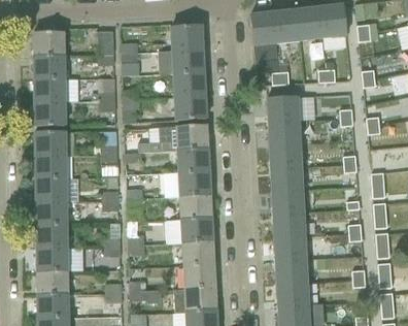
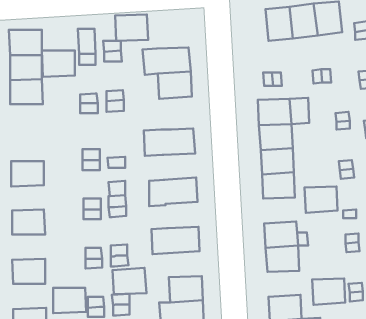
building: [250,12,277,45] -> none
building: [171,25,202,50] -> [115,15,148,41]
building: [174,95,206,121] -> none
building: [34,102,65,127] -> [42,50,75,77]
building: [35,132,66,156] -> none
building: [177,149,209,173] -> none
building: [35,178,66,202] -> none
building: [272,190,303,215] -> [305,187,338,213]
building: [180,194,211,219] -> none
building: [36,225,67,249] -> none
building: [182,240,214,265] -> [113,268,147,294]
building: [276,259,307,284] -> [312,278,345,305]
building: [37,271,68,295] -> [53,288,86,313]

